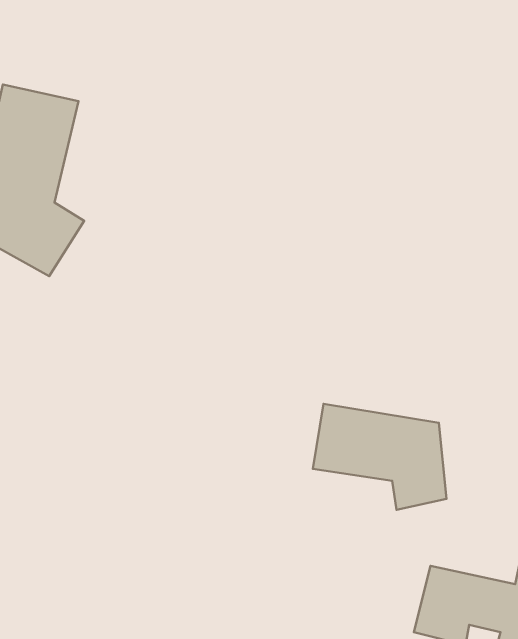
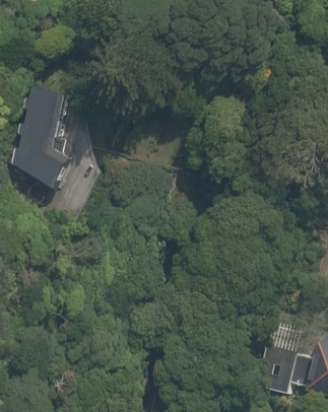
building: [313,404,447,510] -> none

